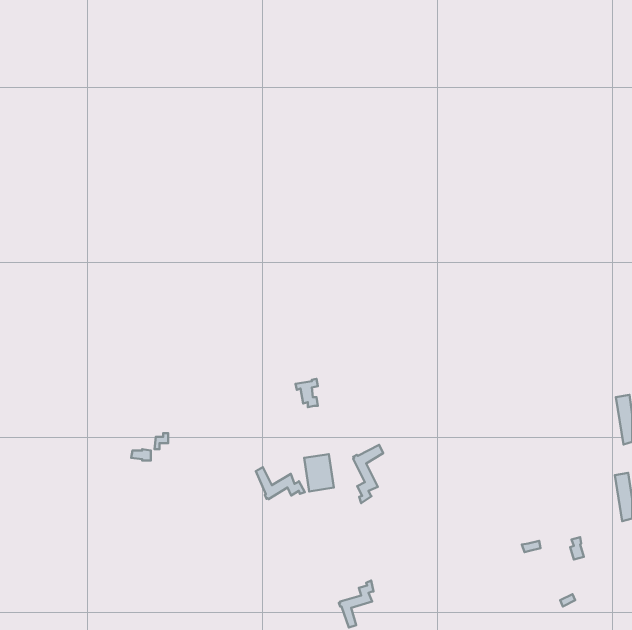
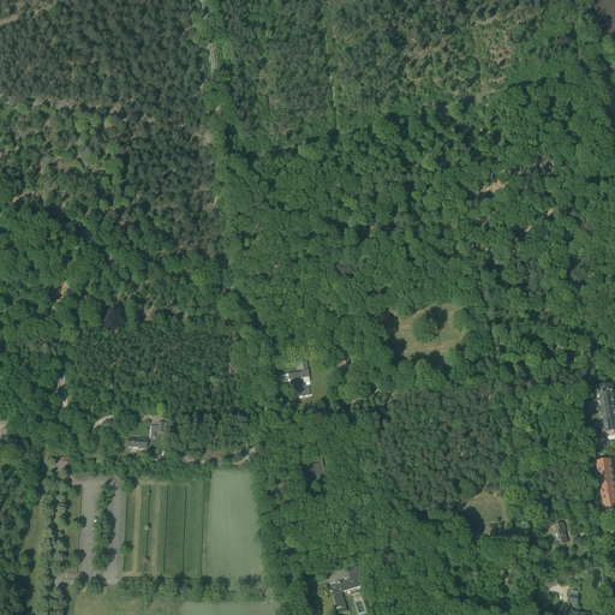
building: [353,445,383,503] -> none
building: [256,467,305,499] -> none

